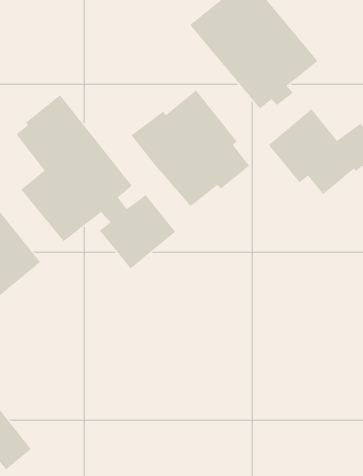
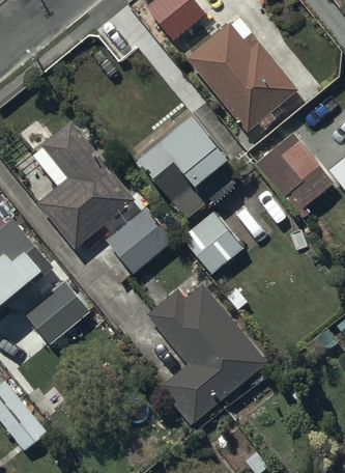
building: none -> [180,210,245,275]
building: none -> [24,278,106,344]
building: none -> [146,282,269,425]

